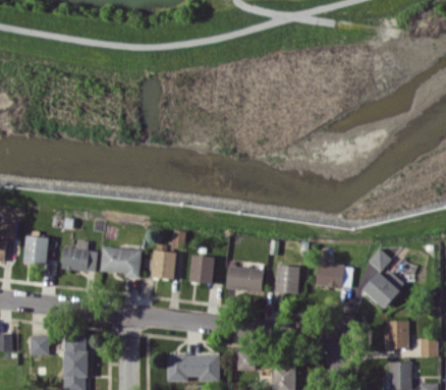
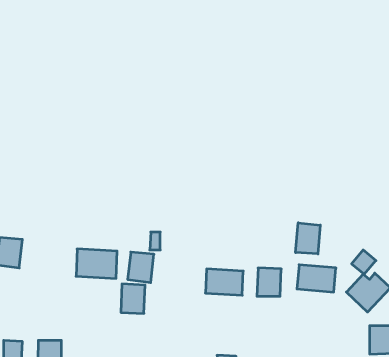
building: none -> [296,223,320,254]
building: [61,240,99,273] -> none
building: [190,256,214,284] -> [121,284,145,313]

